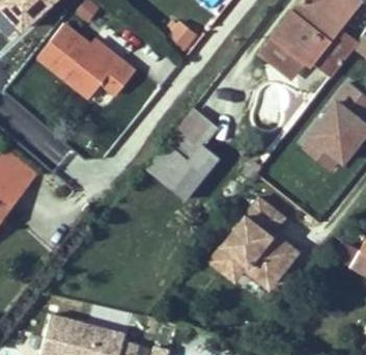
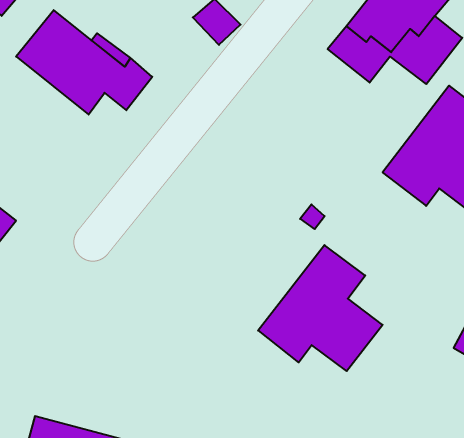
building: [147,112,219,200] -> none

